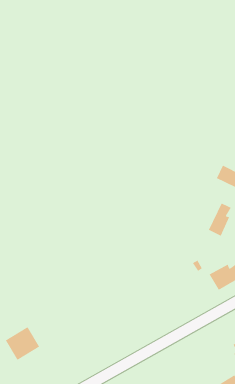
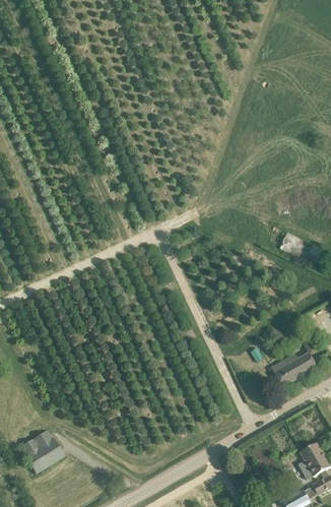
building: [208,203,232,237] -> none

